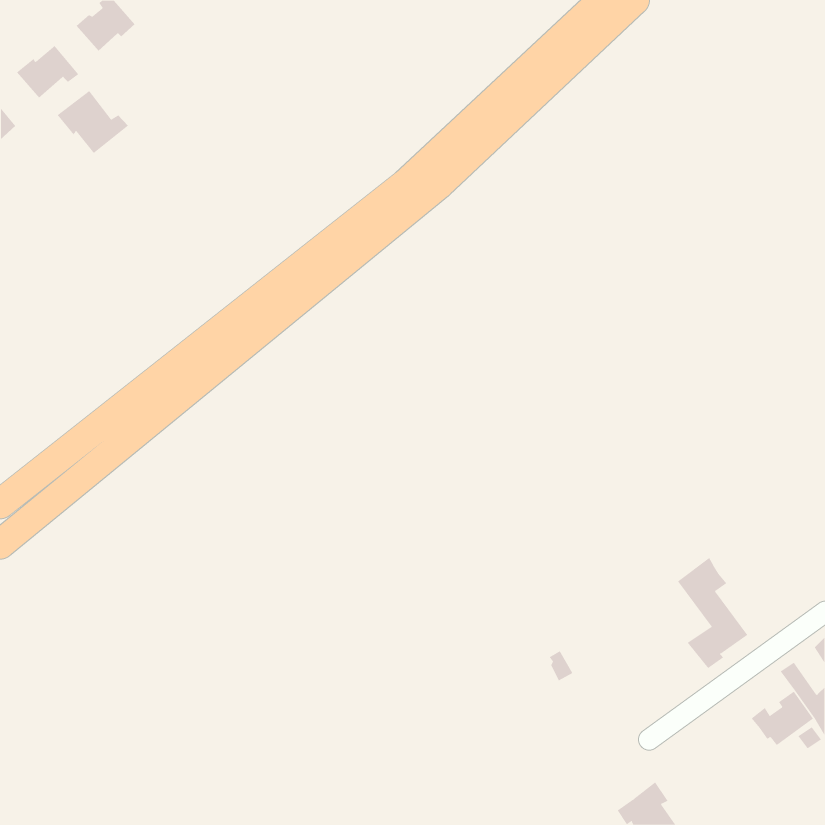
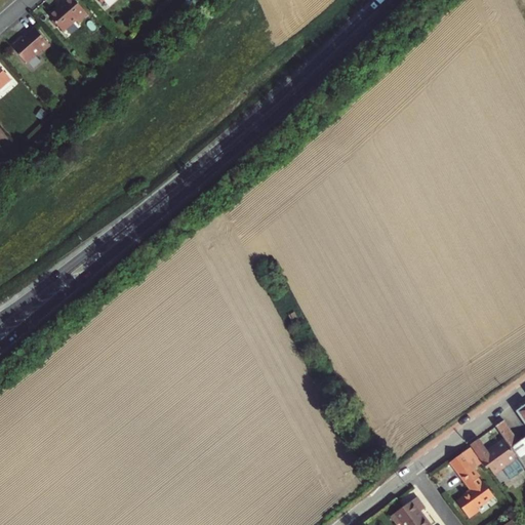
building: [57,90,129,154] -> none
building: [677,557,748,669] -> [450,446,495,517]

